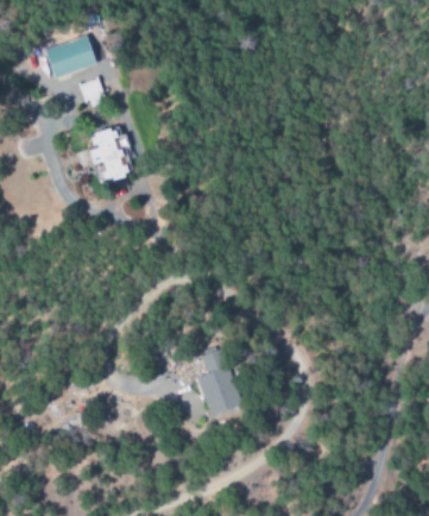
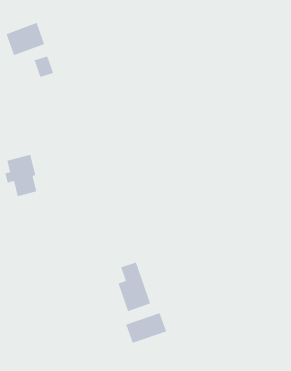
building: [90,125,133,182] -> [5,154,37,197]
building: none -> [125,312,167,344]

